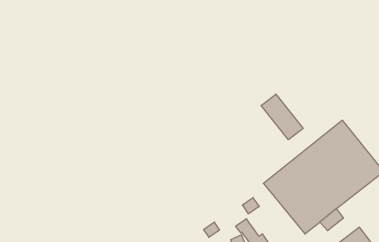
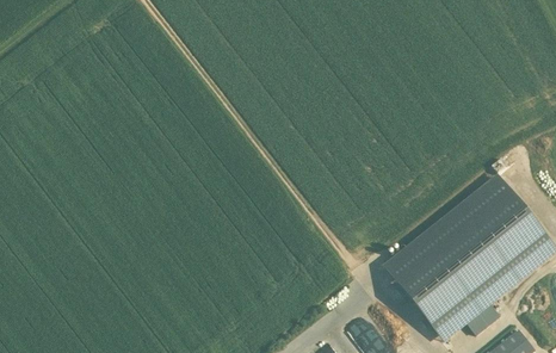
building: [261,94,303,140] -> none

